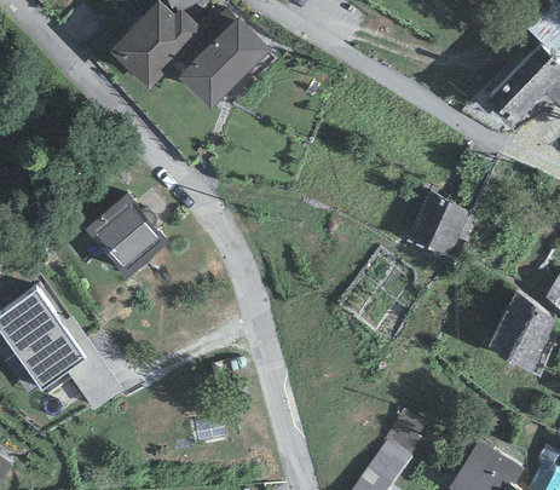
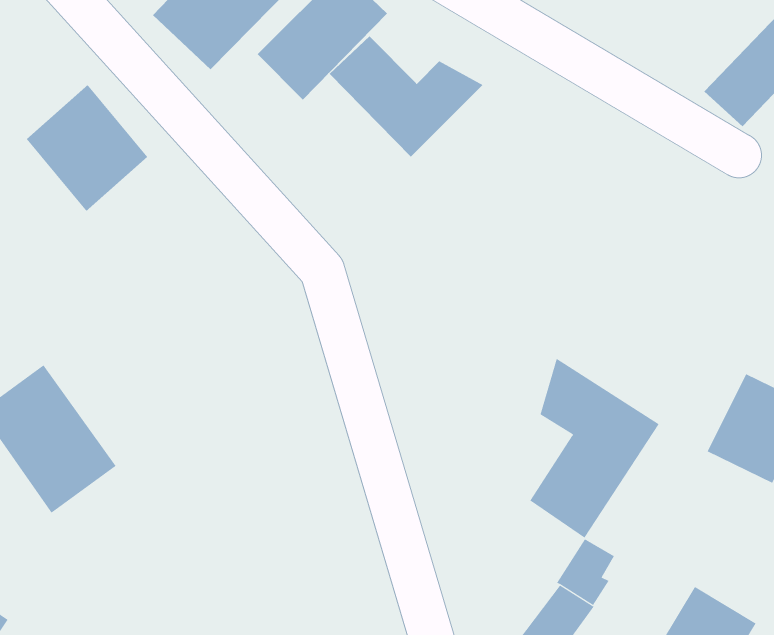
building: none -> [329,36,483,157]
building: [85,192,168,279] -> [26,84,148,212]
building: [410,194,468,253] -> none
building: none -> [530,358,659,538]

